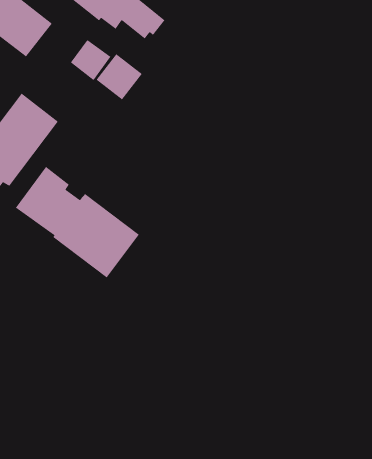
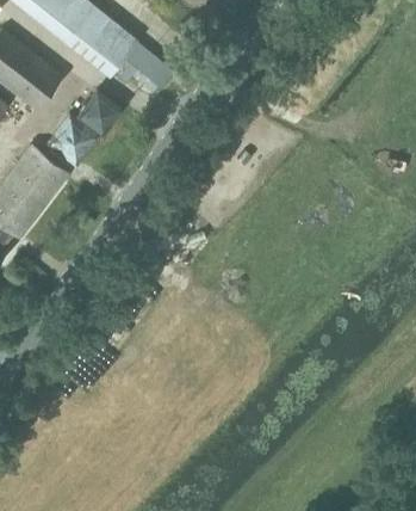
building: [96,53,143,100] -> [51,117,98,164]
building: [15,166,140,279] -> none

